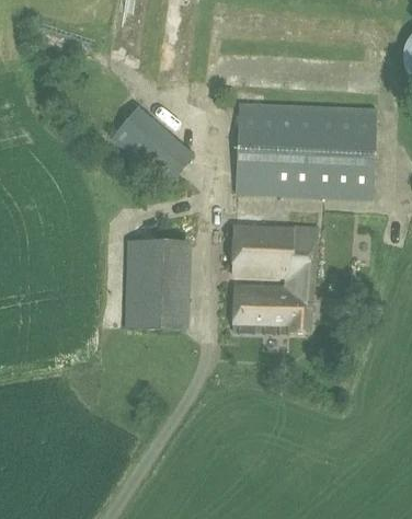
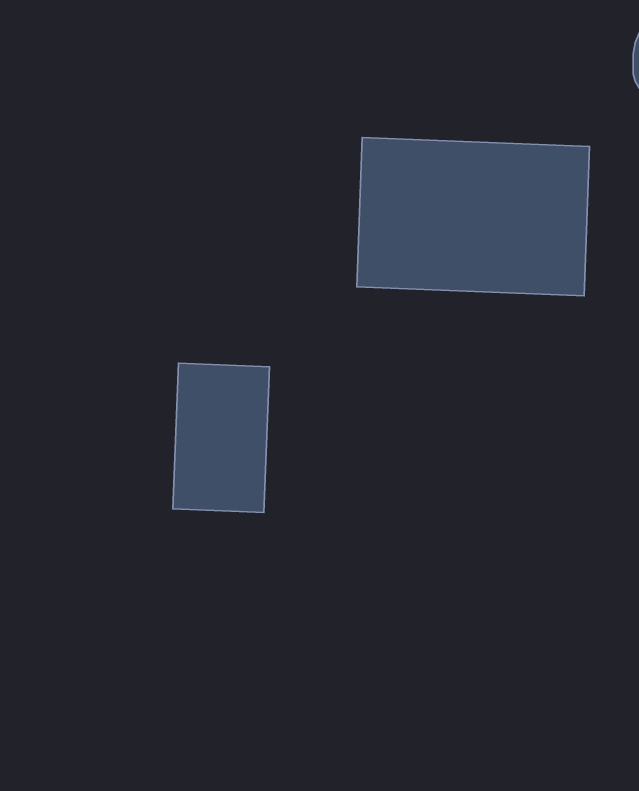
building: [111,106,193,185] -> none
building: [233,226,311,331] -> none

